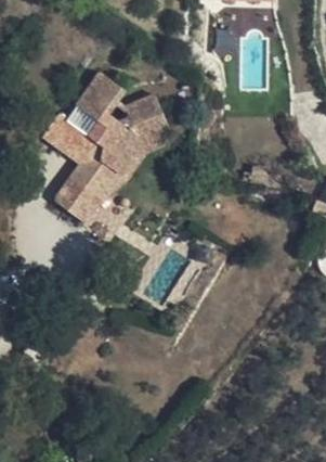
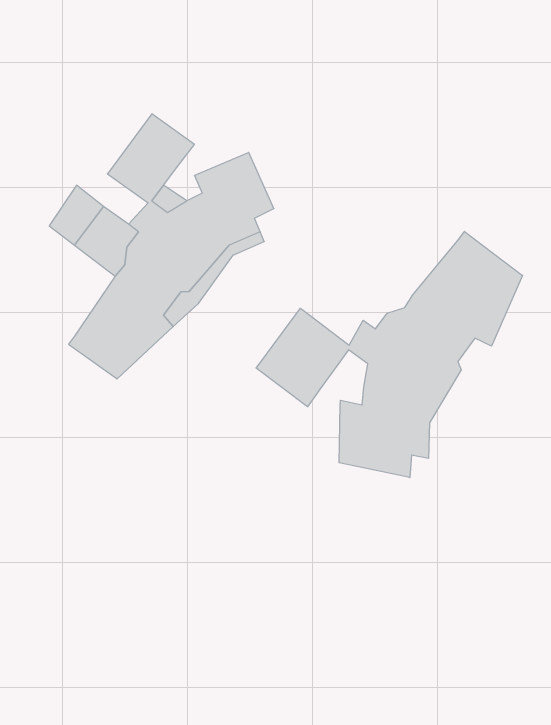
building: none -> [256,231,523,478]

